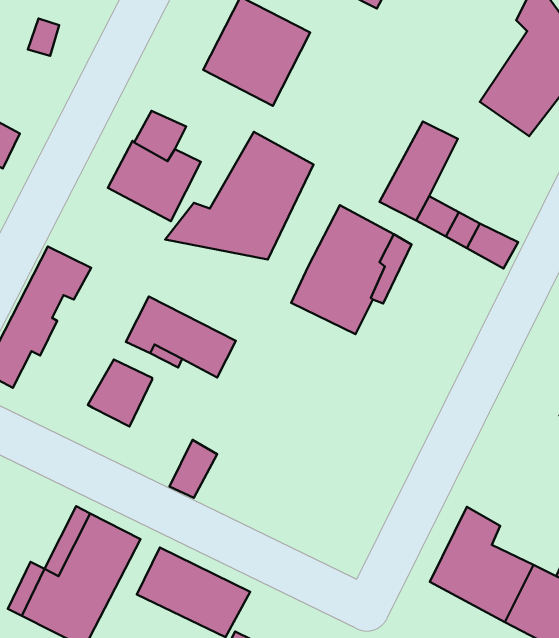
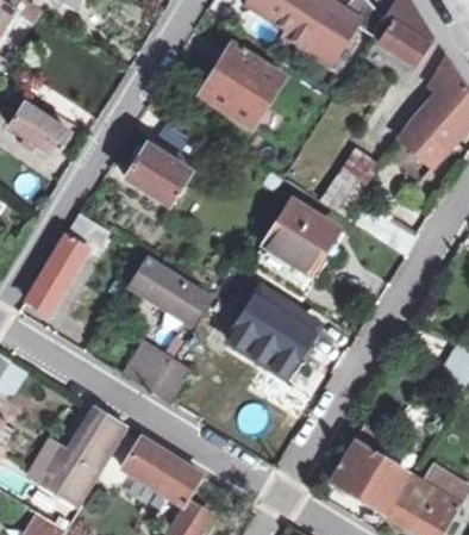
building: [165,132,313,259] -> none
building: none -> [231,290,317,374]
building: [88,359,152,427] -> [124,344,171,393]

